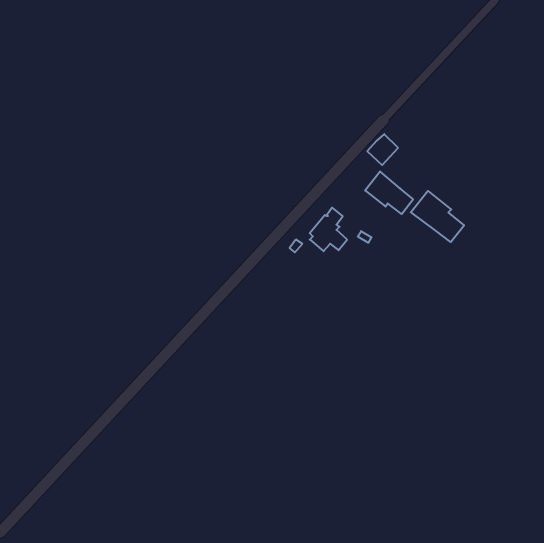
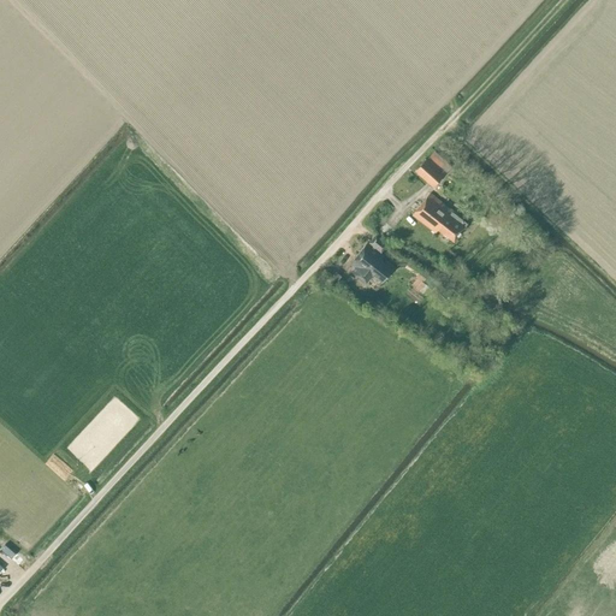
building: [411,191,464,242] -> none

